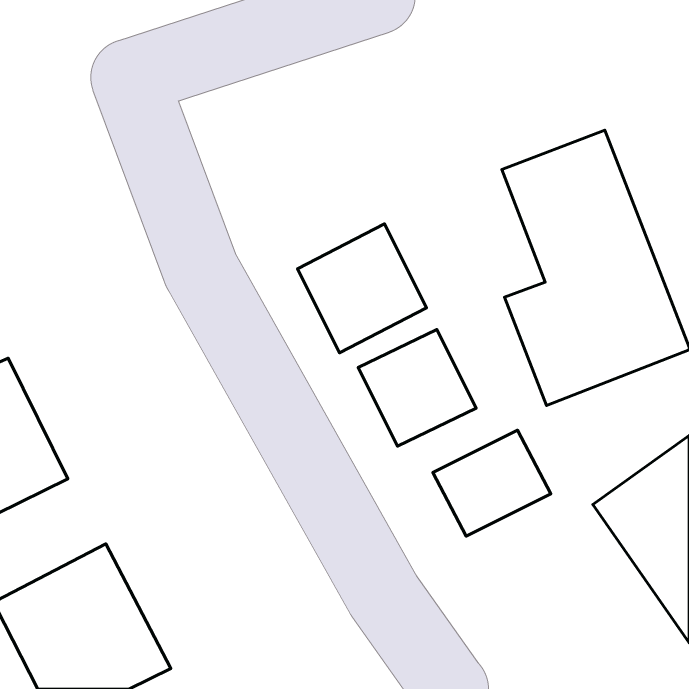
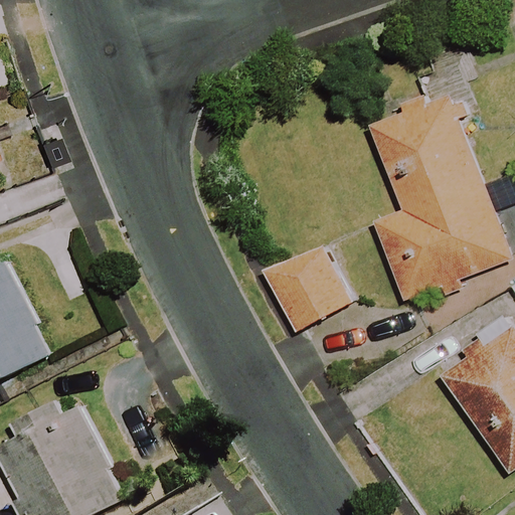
building: [297,224,426,353] -> none
building: [433,430,551,536] -> none

